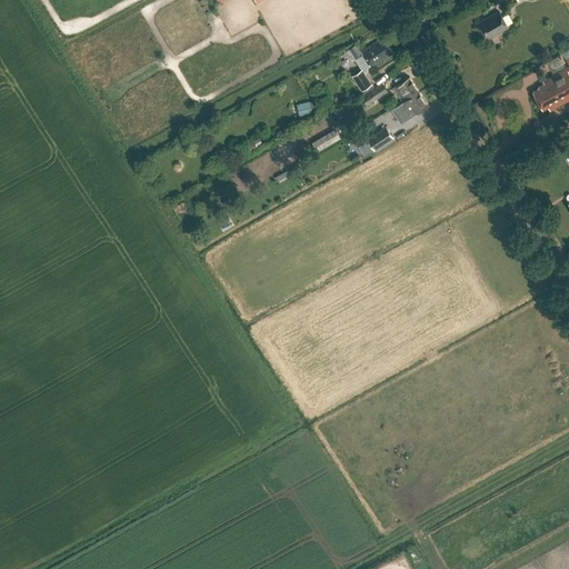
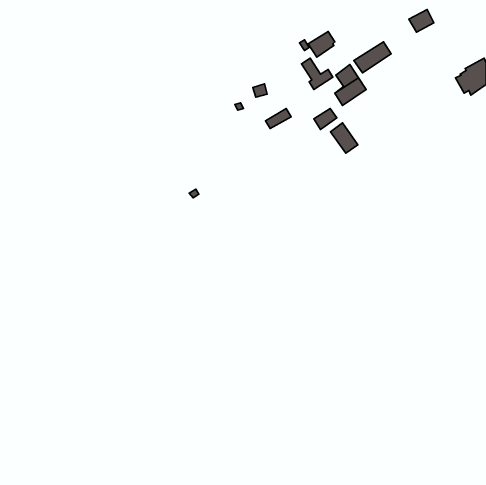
building: none -> [354,42,391,73]
building: none -> [330,123,358,153]

